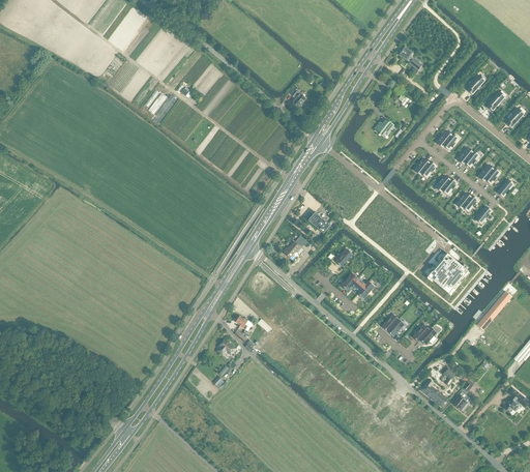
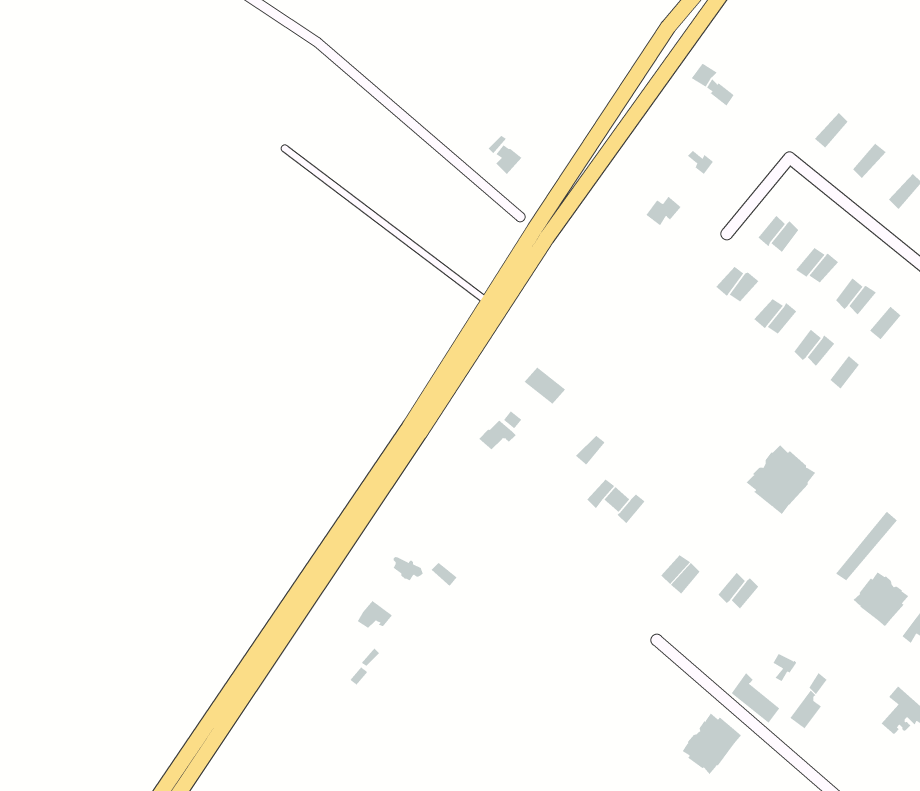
building: none -> [853,571,909,627]
building: none -> [682,713,742,775]

